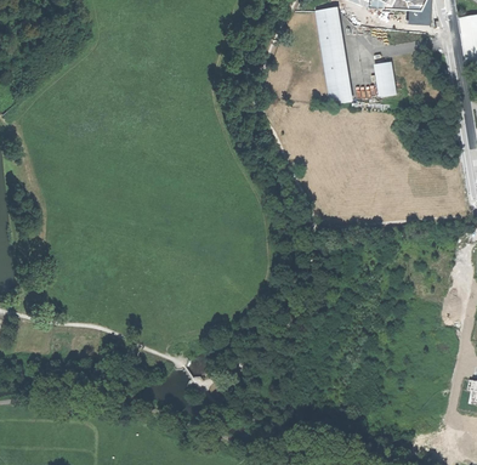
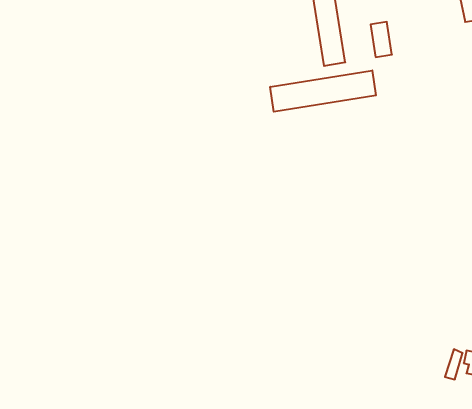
building: none -> [270,70,376,112]

